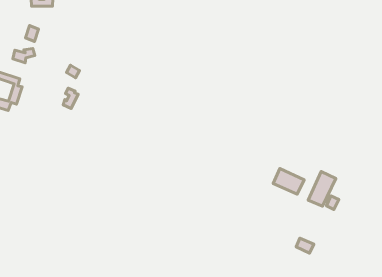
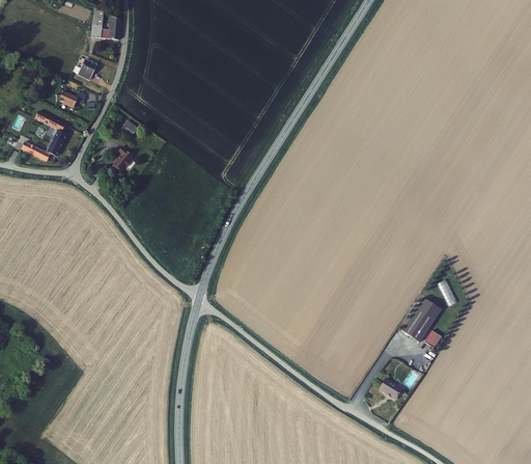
building: [273,169,304,194] -> none

